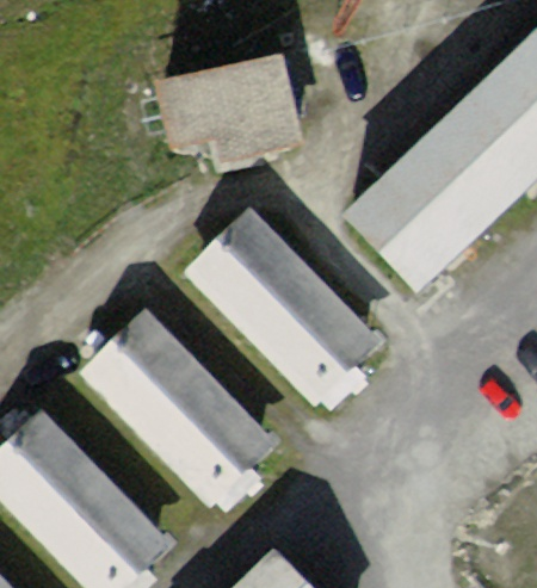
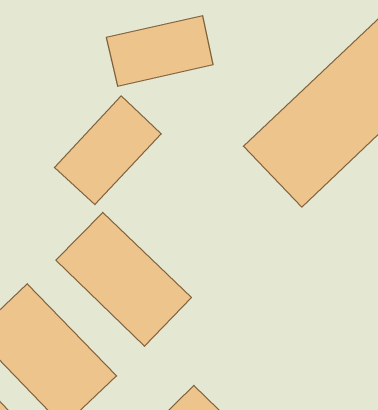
building: none -> [54,96,161,205]
building: [178,209,382,408] -> none

